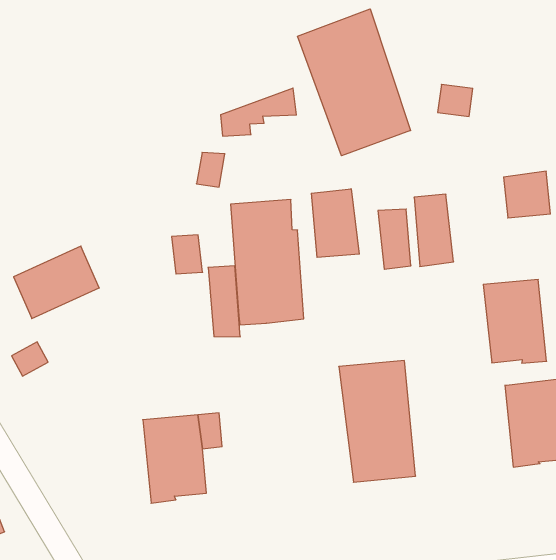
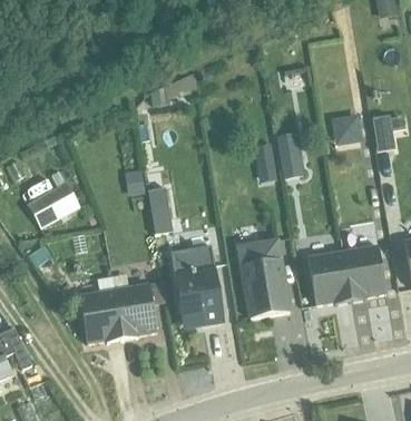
building: [298,9,411,156] -> none
building: [311,189,359,257] -> none
building: [231,200,304,325] -> [173,245,224,326]
building: [483,280,547,363] -> [307,249,351,304]
building: none -> [79,287,124,343]

